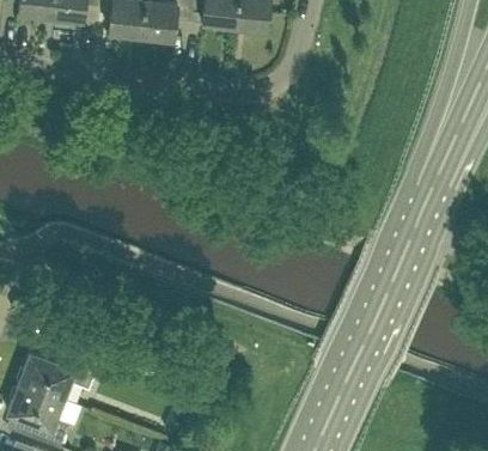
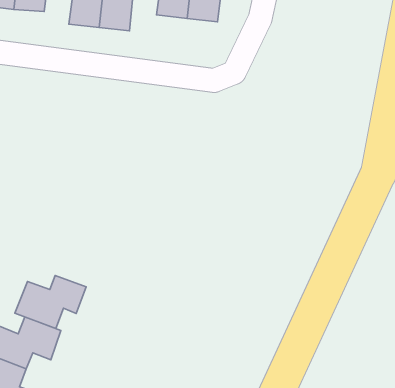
building: none -> [15,276,86,328]

